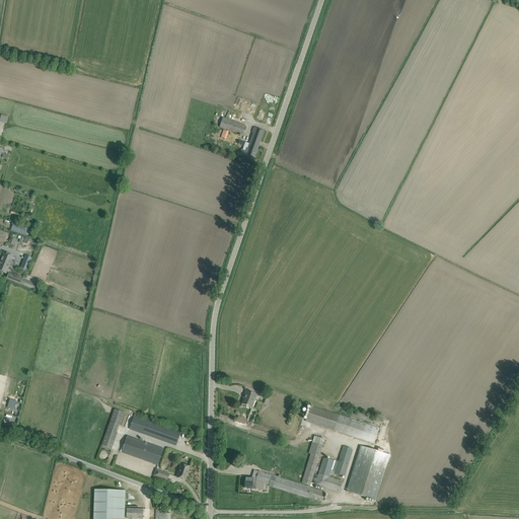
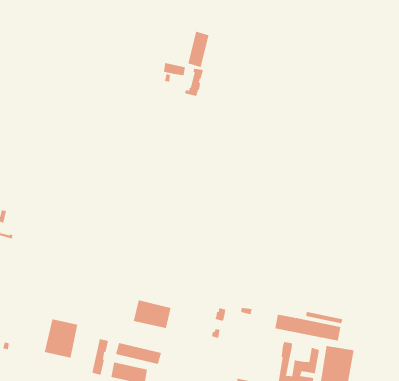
building: none -> [188,31,209,68]
building: none -> [133,299,171,329]
building: none -> [44,318,78,359]

